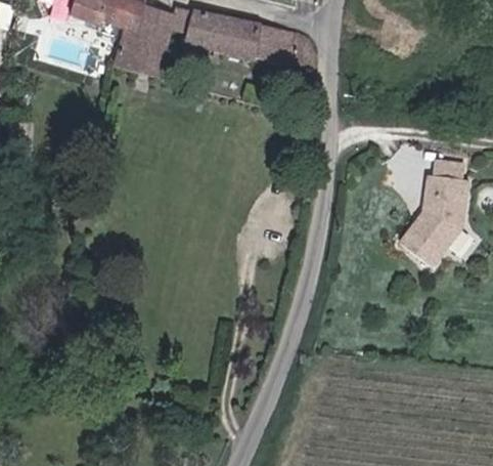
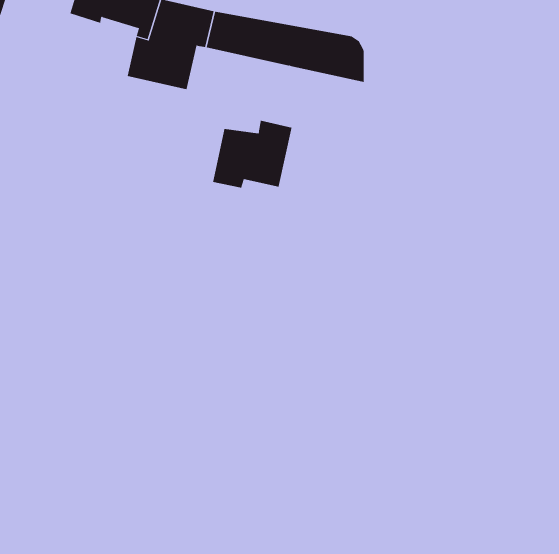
building: none -> [212,120,292,188]
building: [398,172,465,264] -> none

